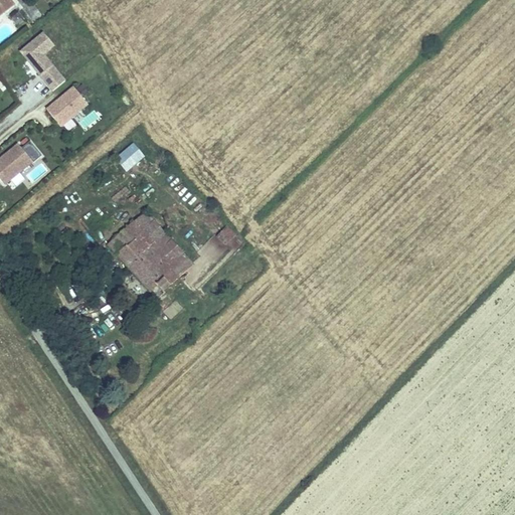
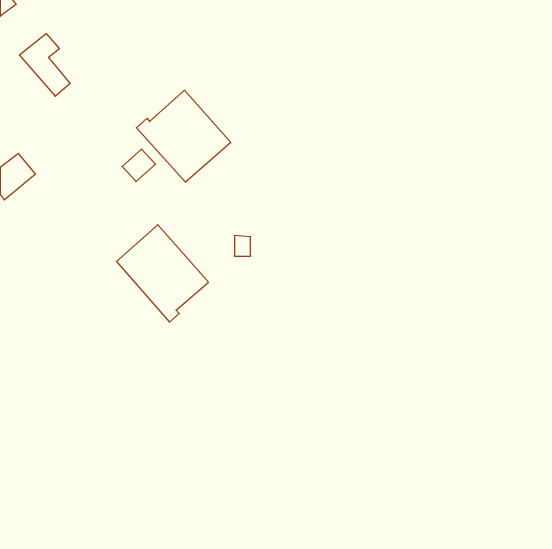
building: none -> [136,90,231,182]
building: [46,85,89,127] -> none

